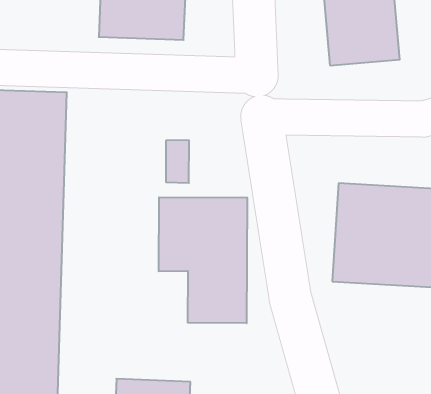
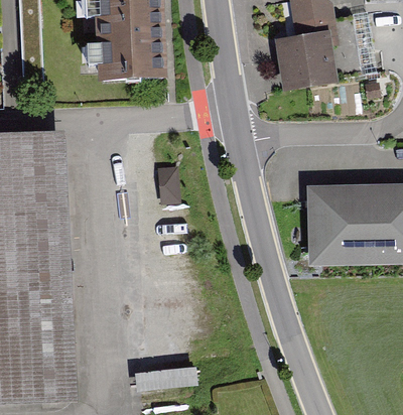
building: [159,197,247,323] -> none

